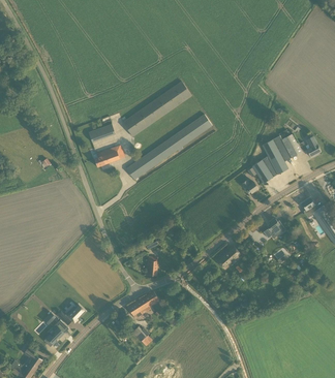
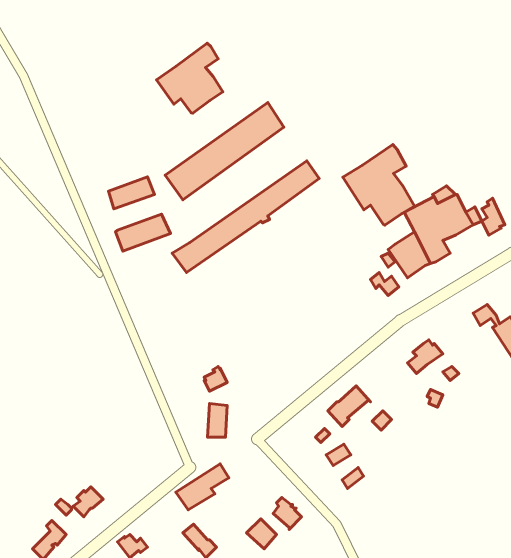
building: none -> [157,43,223,113]
building: none -> [343,145,414,225]

